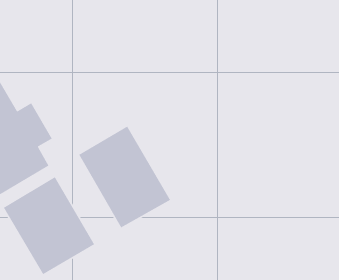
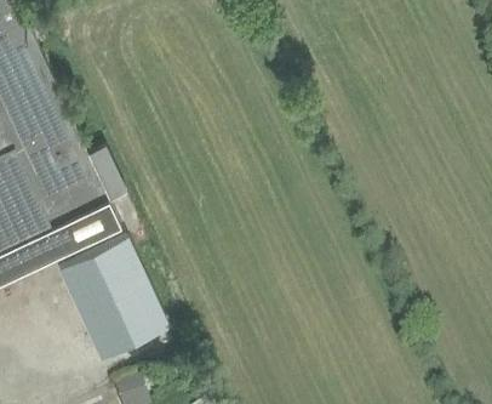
building: [78,126,171,228] -> none

